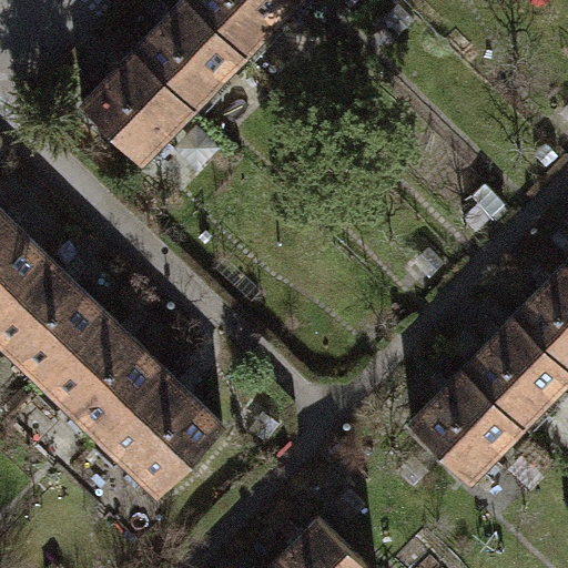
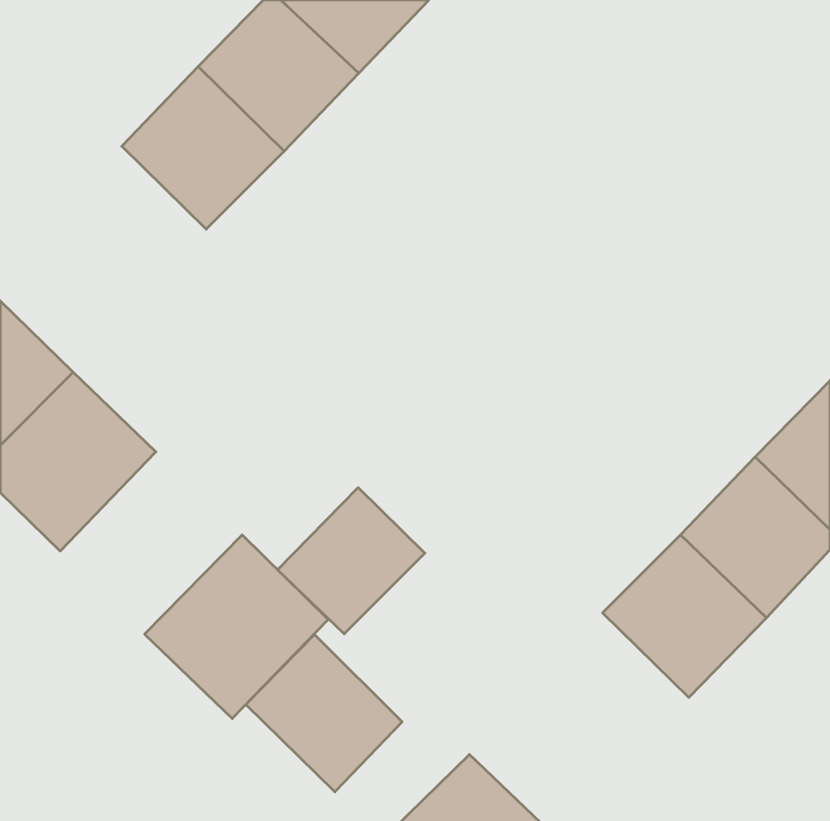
building: [41,315,165,439] -> none
building: none -> [278,488,425,634]
building: none -> [246,635,402,792]

